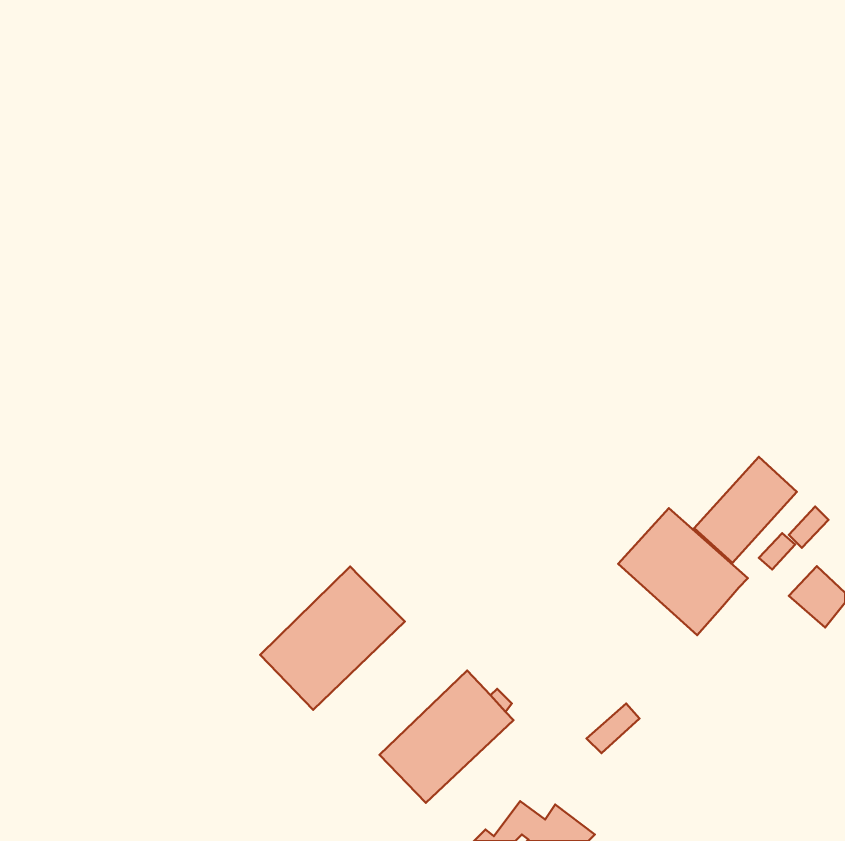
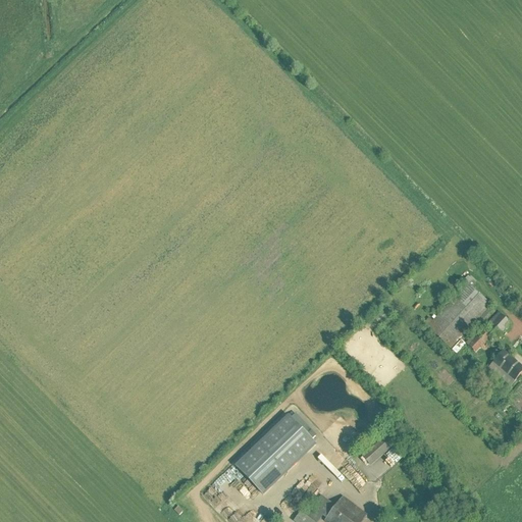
building: [618,508,748,635] -> none
building: [260,566,405,710] -> none

